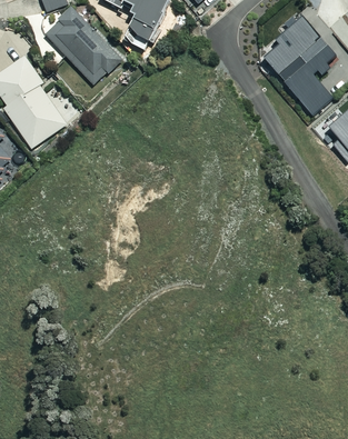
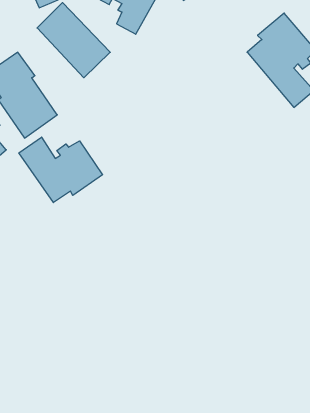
building: none -> [19,137,103,203]

